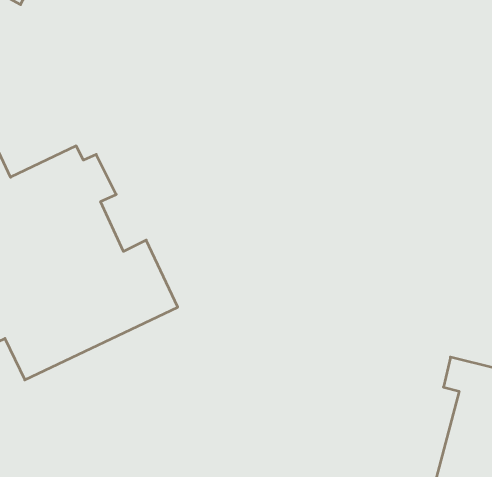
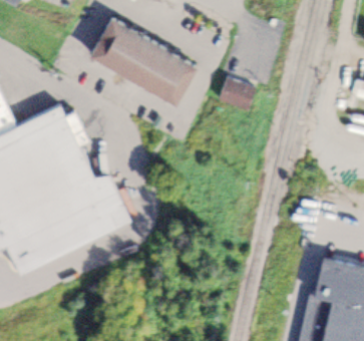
building: none -> [97,18,203,102]
building: none -> [219,80,255,113]

